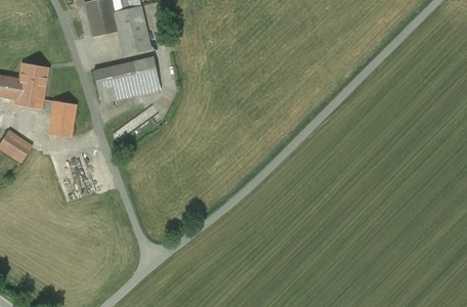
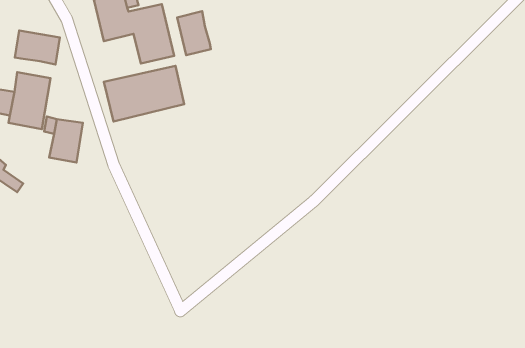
building: none -> [177,11,211,55]
building: none -> [15,30,60,64]

